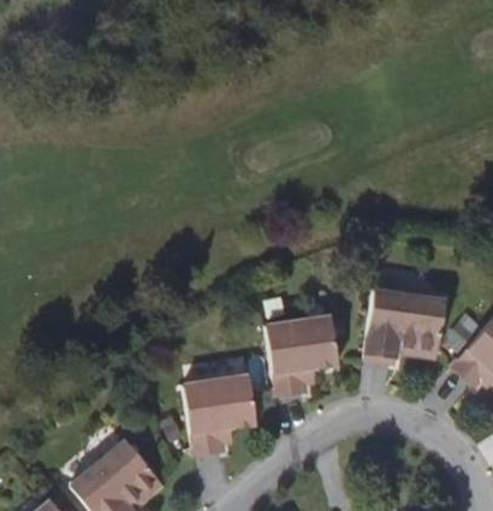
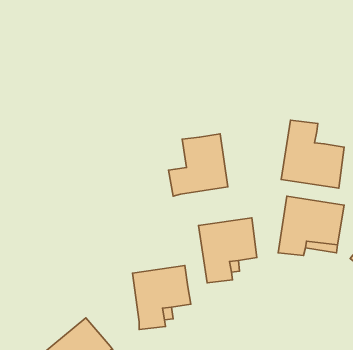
building: none -> [281,120,344,188]
building: none -> [168,134,228,196]

